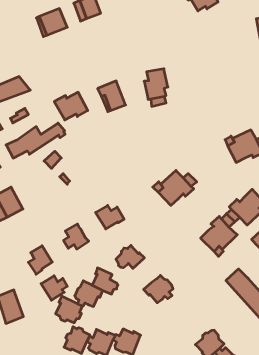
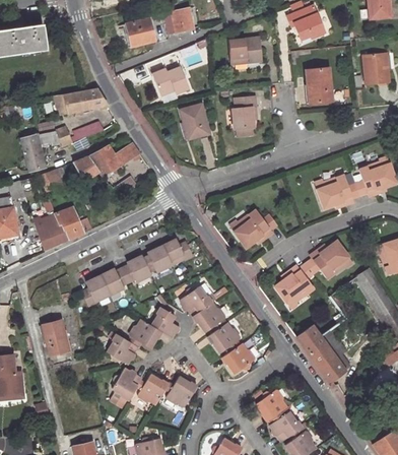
building: none -> [228,39,261,64]
building: none -> [307,69,333,105]
building: [54,92,88,120] -> [154,69,190,98]
building: none -> [142,246,172,272]
building: none -> [190,302,222,332]
building: [41,276,67,300] -> [100,268,128,295]
building: none -> [220,343,252,373]

